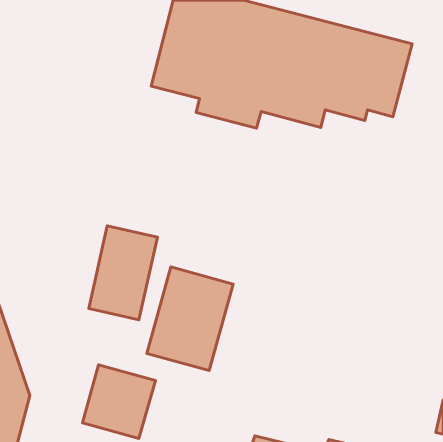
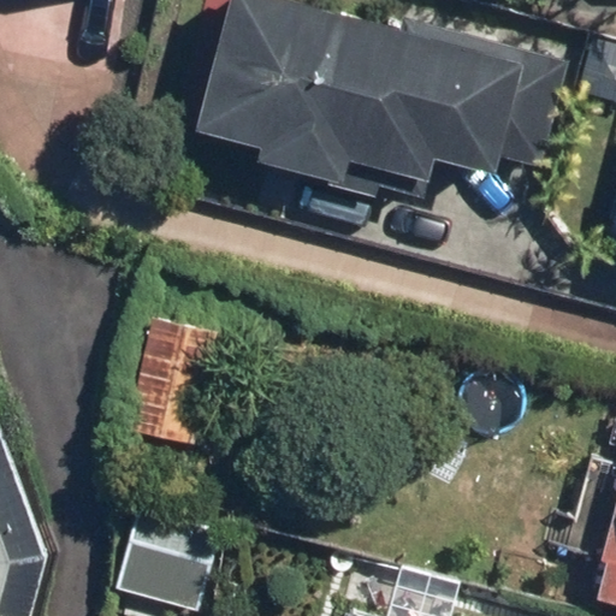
building: [147,267,233,370] -> none

